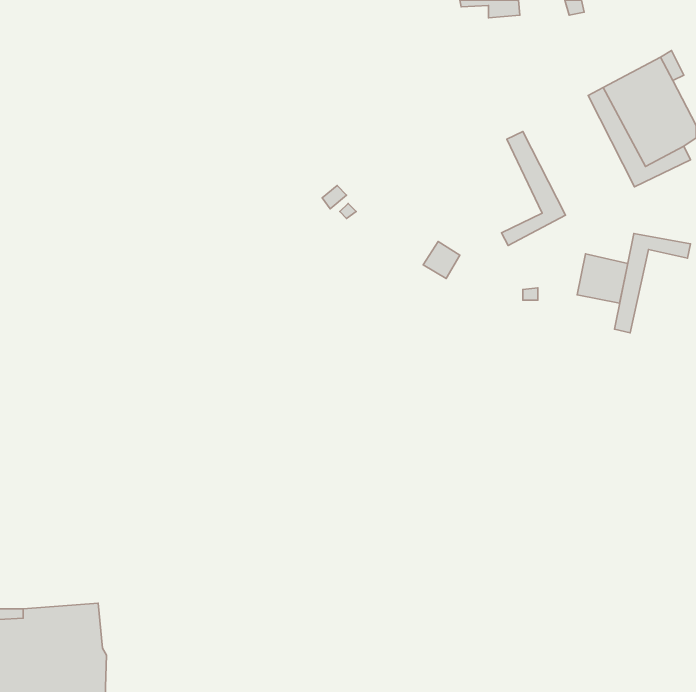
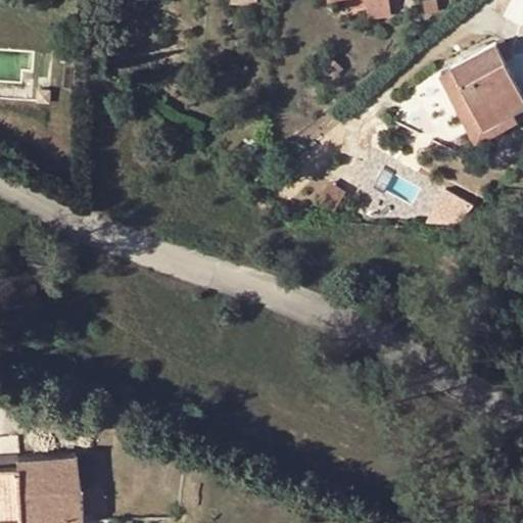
building: [502,132,565,245] -> none
building: [615,233,690,333] -> none

